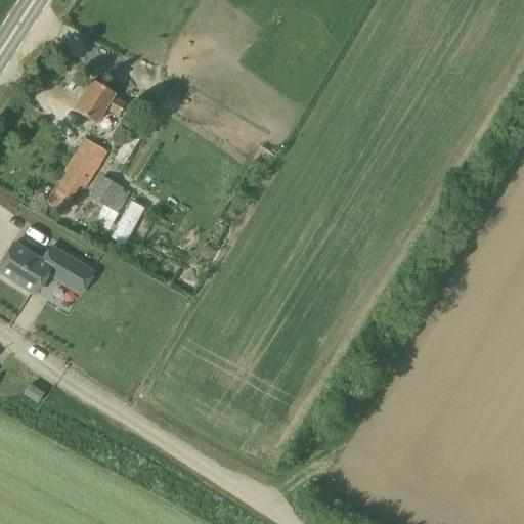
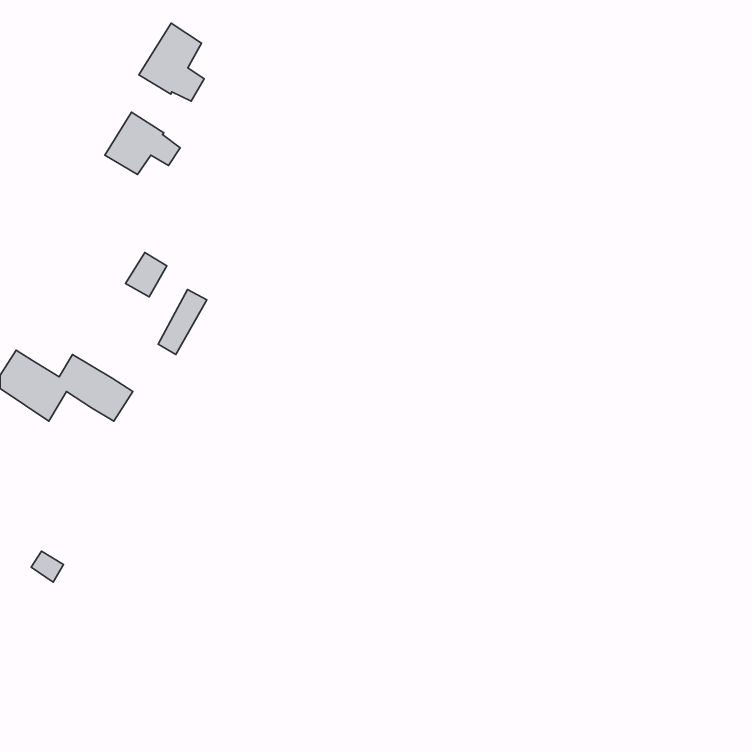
building: none -> [139,23,204,101]
building: [46,136,108,213] -> none

